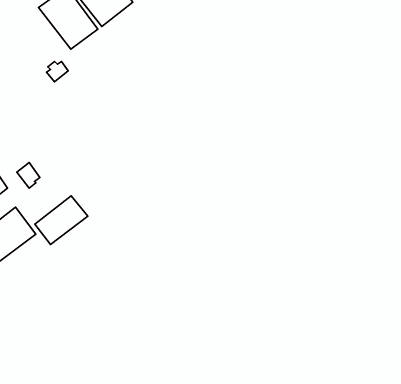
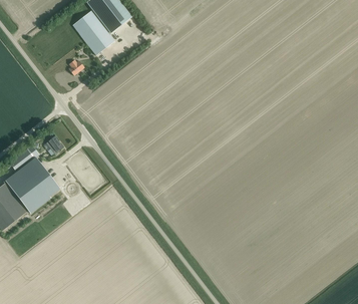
building: [35,196,88,245] -> none

